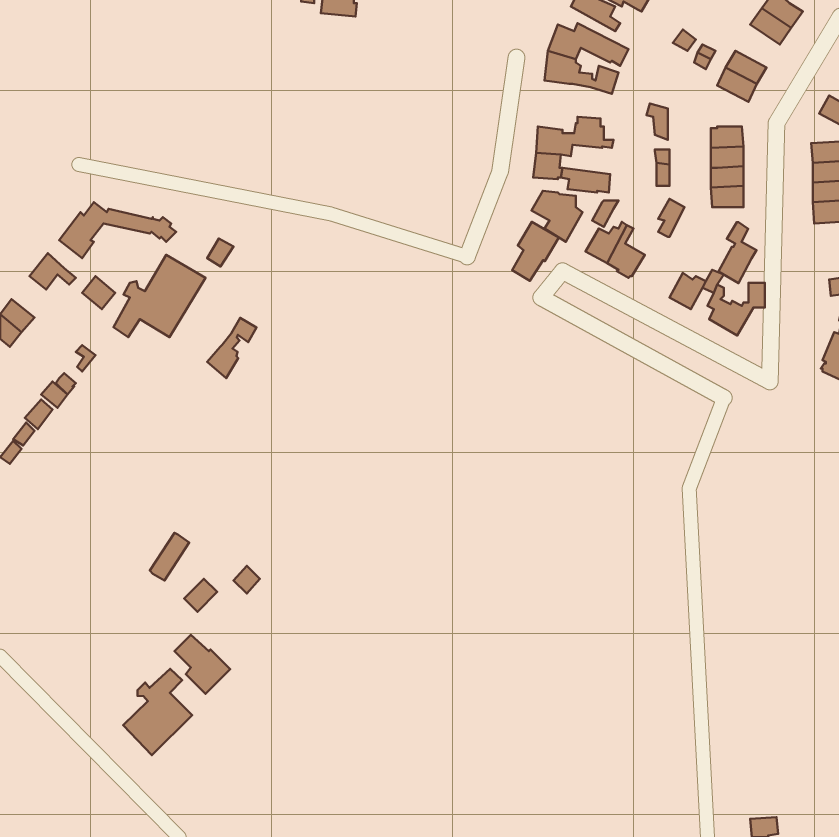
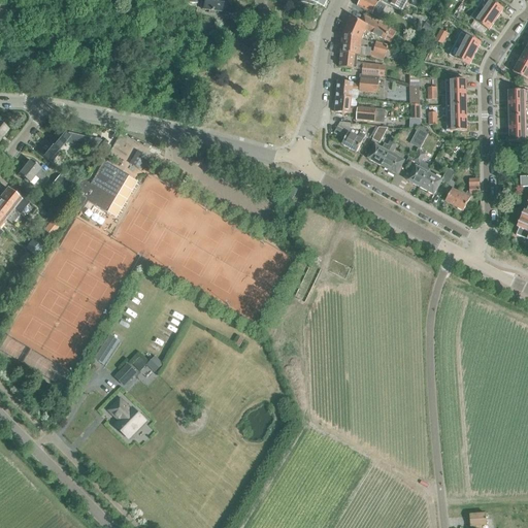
building: none -> [340,51,380,74]
building: [512,222,559,281] -> none
building: [719,222,756,283] -> [408,148,432,187]
building: [207,318,256,378] -> none
building: [123,669,192,755] -> none

